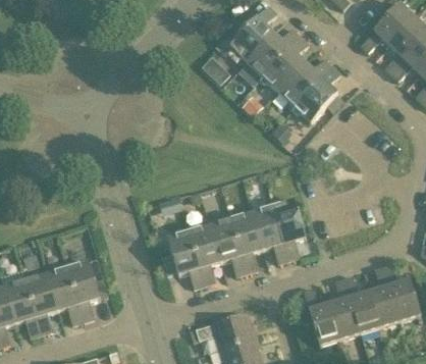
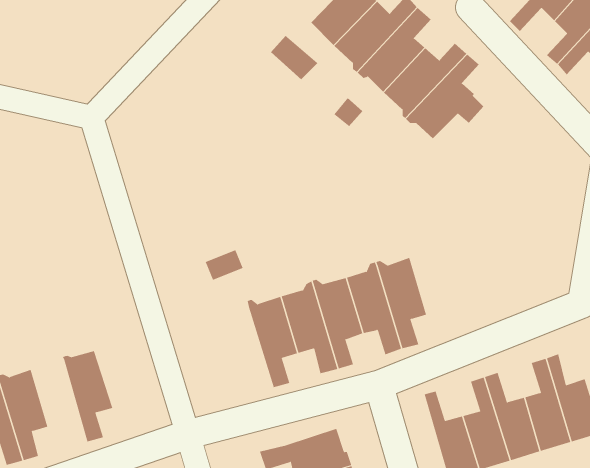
building: [164,227,205,288] -> none
building: [46,264,83,323] -> none

